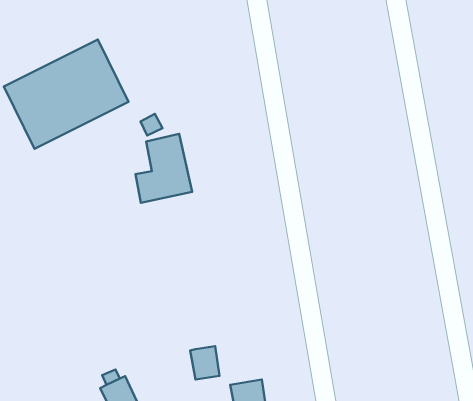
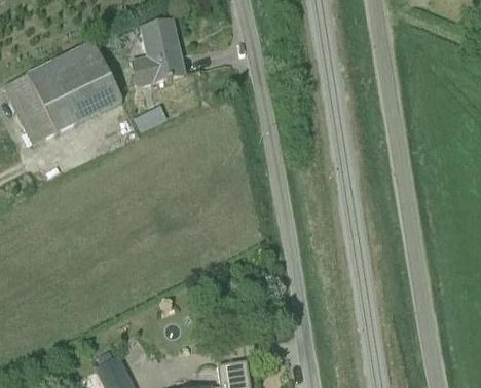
building: [135,134,192,203] -> [131,20,184,84]
building: [190,346,219,380] -> none

